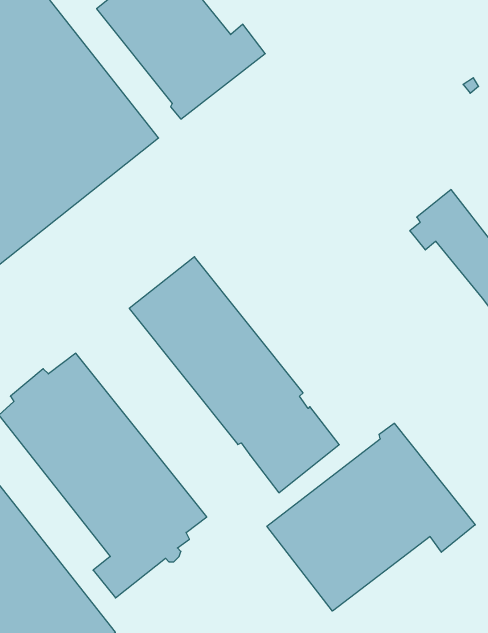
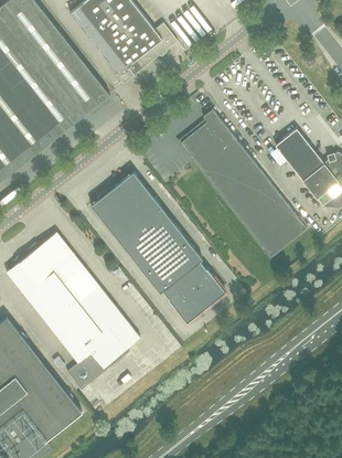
building: none -> [185,109,306,256]
building: [267,423,475,611] -> none

